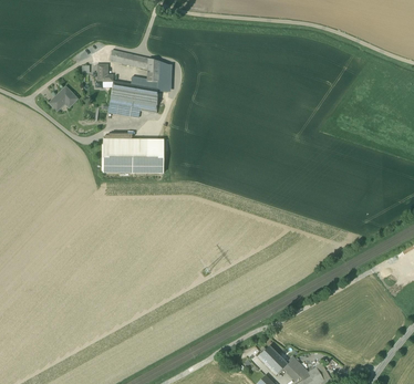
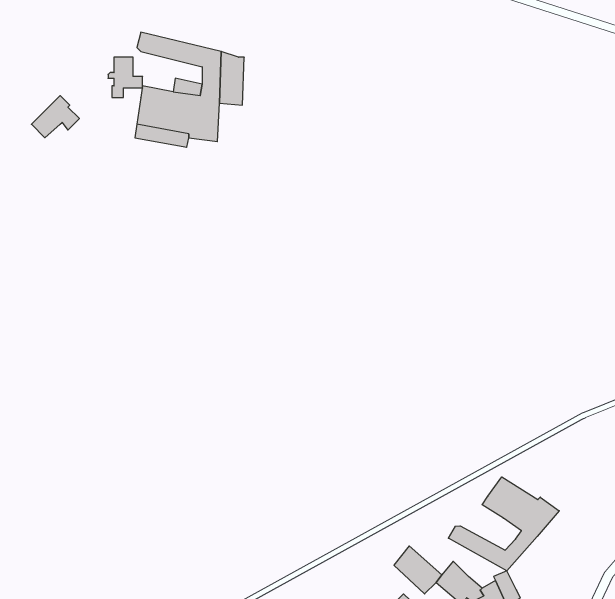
building: [103,143,163,172] -> none
building: none -> [448,477,559,571]

